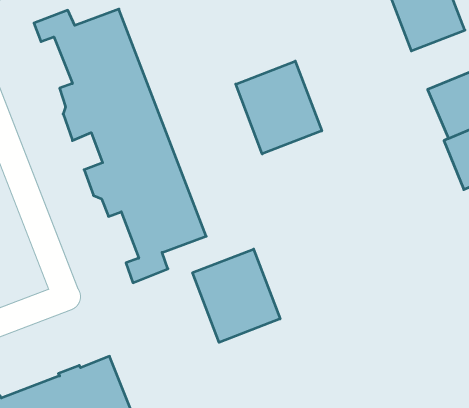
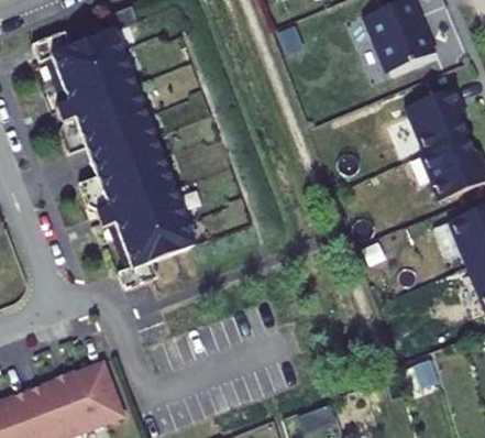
building: [236,61,322,154] -> none
building: [193,249,280,342] -> none

